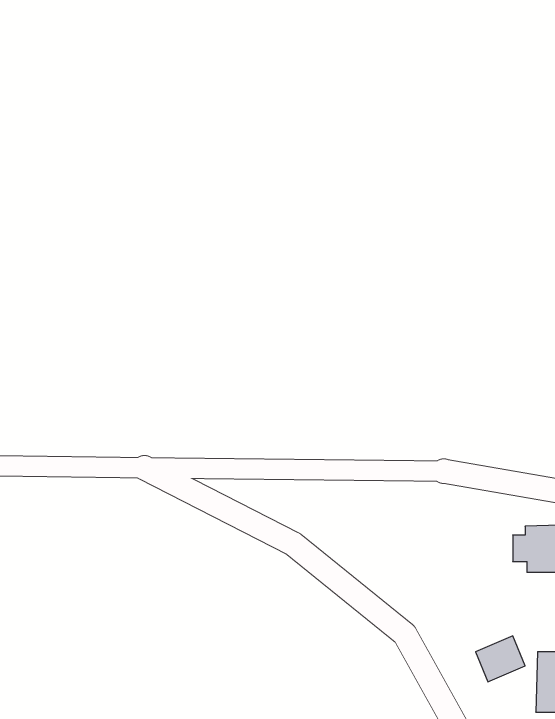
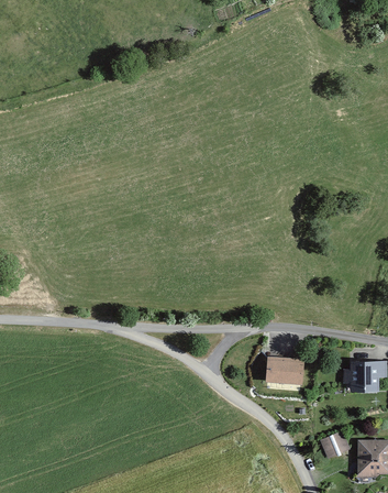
building: none -> [265,357,303,384]

